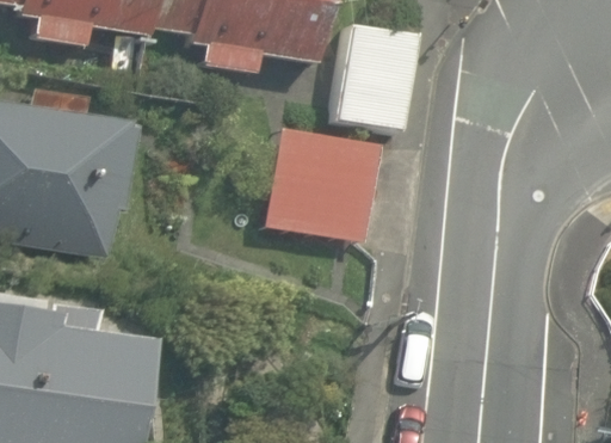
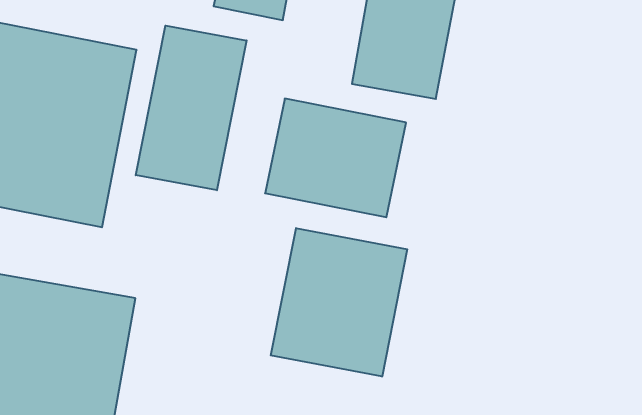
building: none -> [136,26,247,190]
building: none -> [271,228,407,377]

